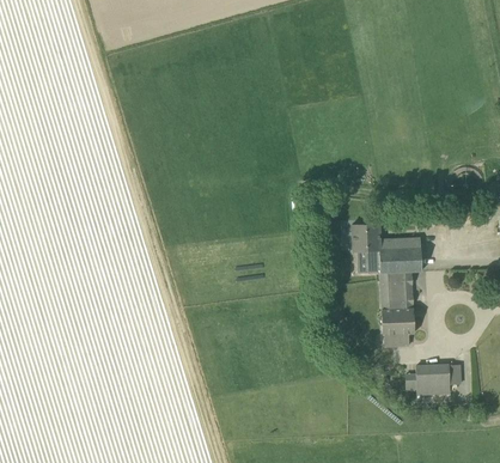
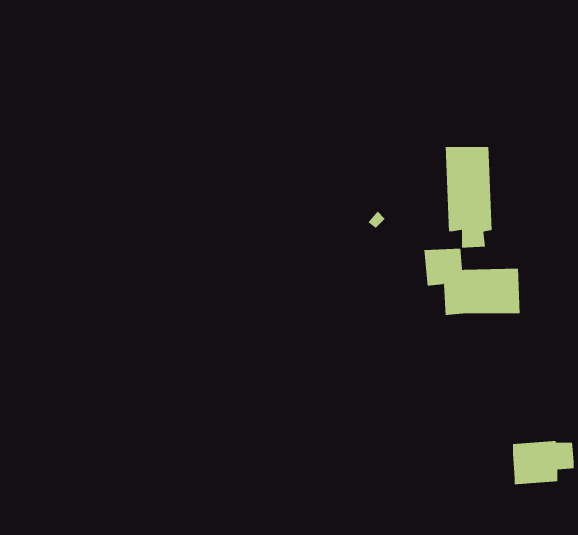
building: [379,270,414,345] -> [445,147,492,248]

